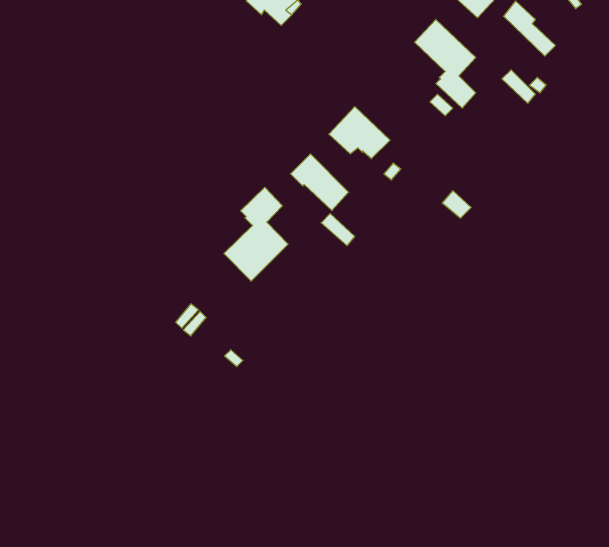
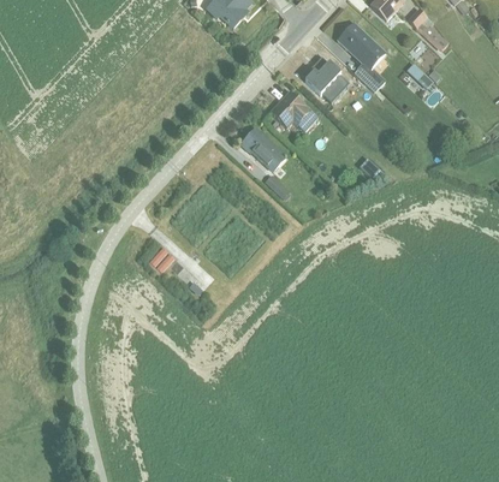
building: none -> [302,56,344,99]
building: [224,187,288,281] -> none

